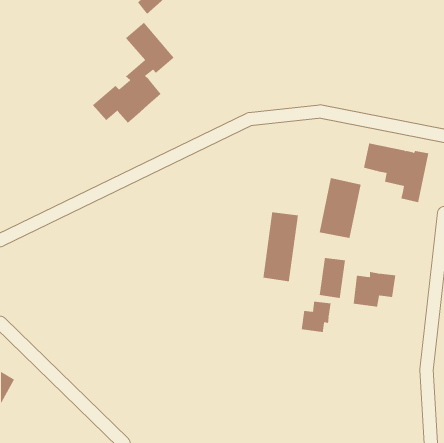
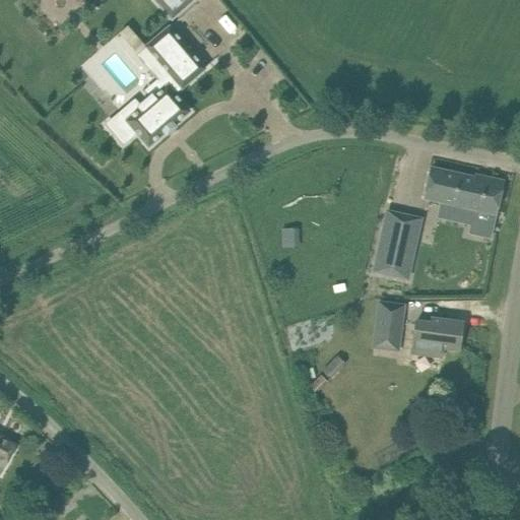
building: [263,212,298,282] -> none
building: [301,301,331,333] -> none

